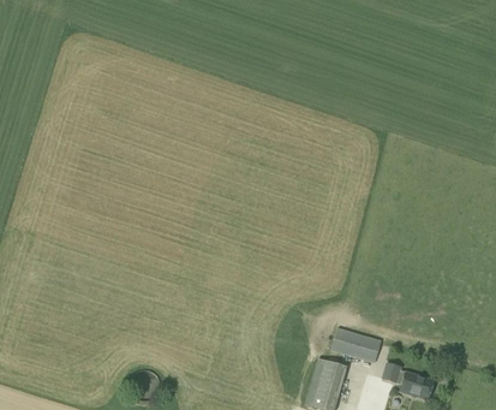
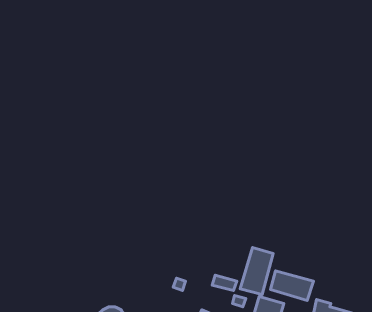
building: none -> [240,248,273,295]

